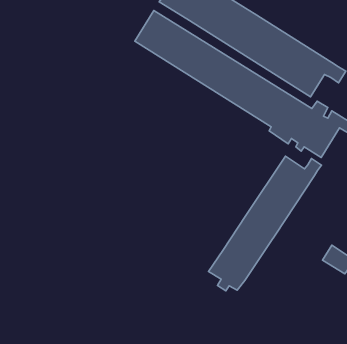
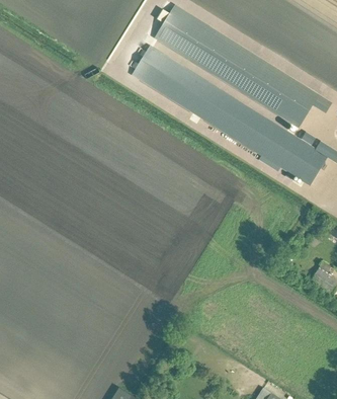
building: [208,156,322,291] -> none

